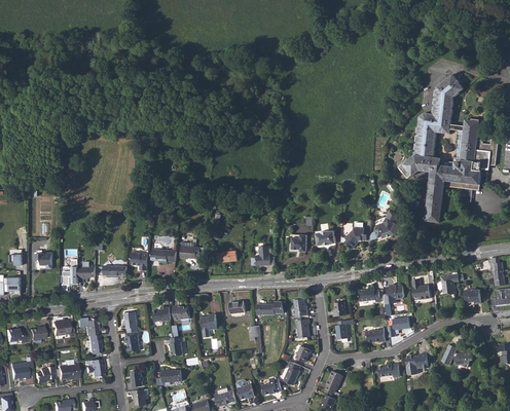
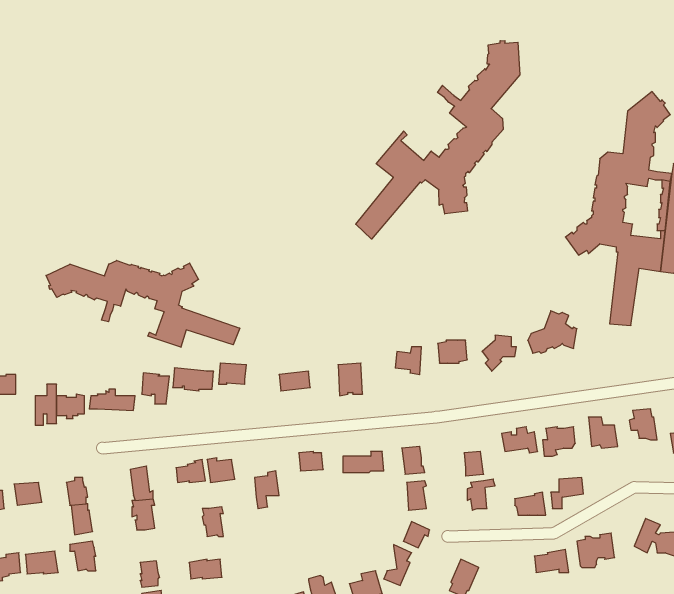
building: none -> [356,41,520,239]
building: none -> [46,260,240,347]

